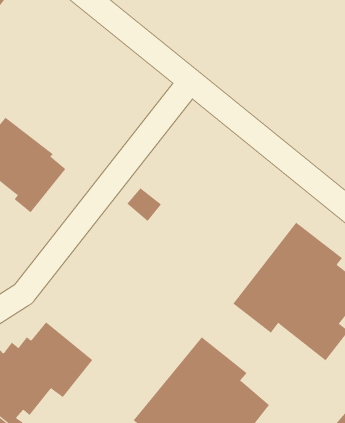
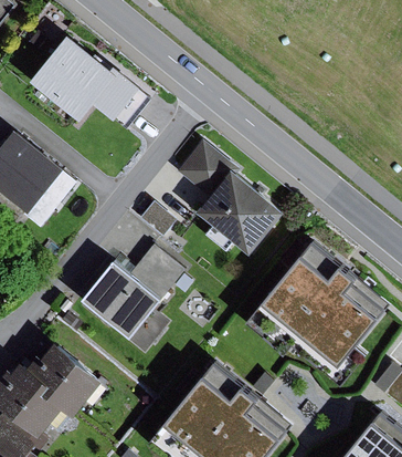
building: none -> [30,37,149,131]
building: none -> [174,141,284,257]
building: none -> [82,246,183,340]

